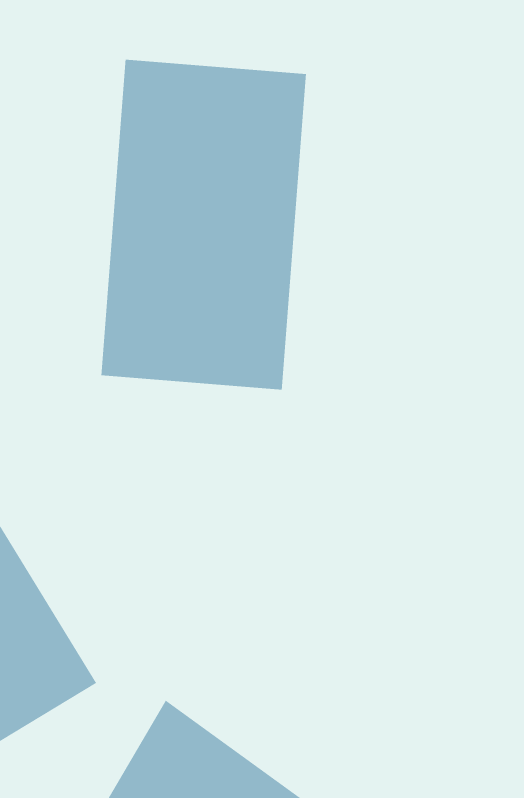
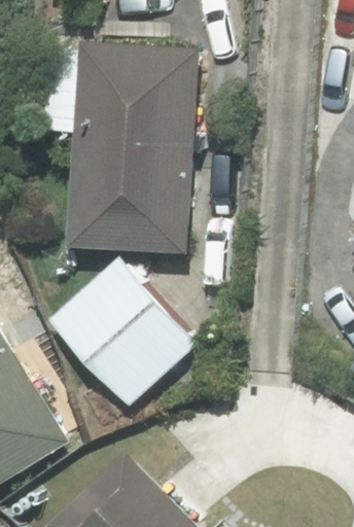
building: none -> [45,260,199,416]

